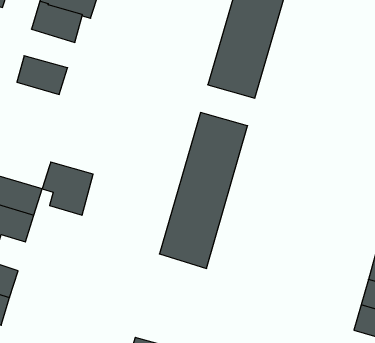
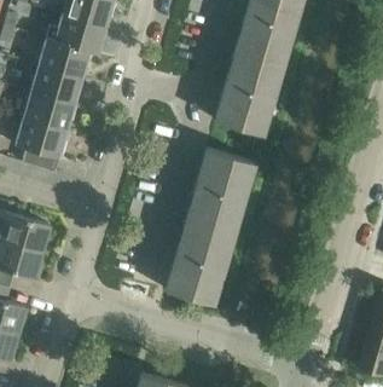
building: none -> [31,64,82,103]
building: [42,162,93,215] -> [16,117,66,171]

